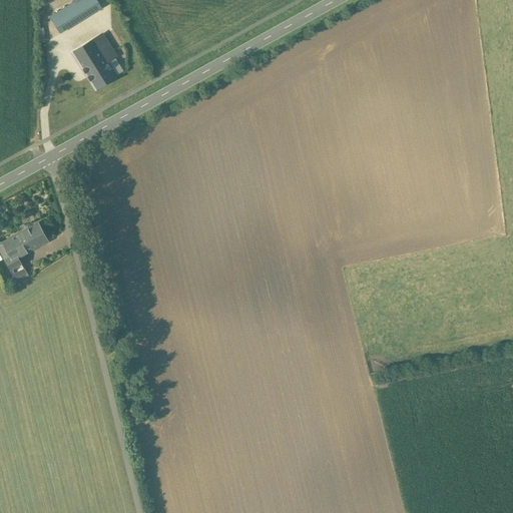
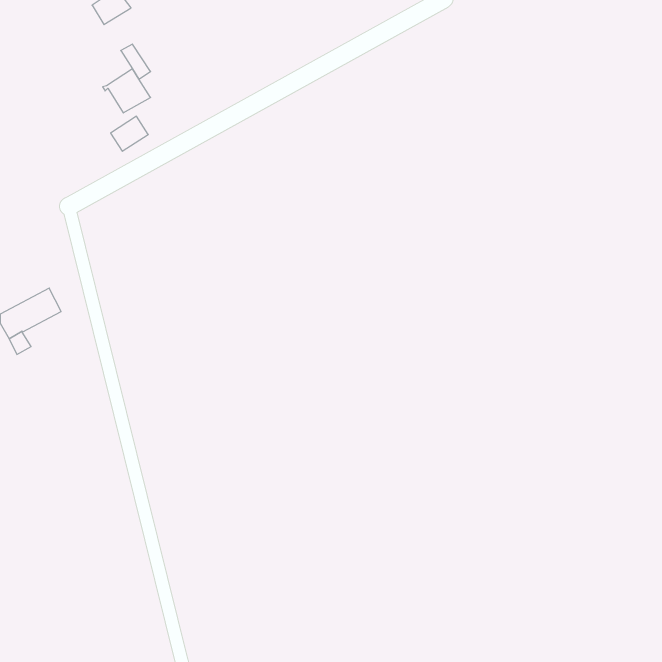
building: [51,4,81,31] -> none
building: [74,39,103,66] -> [111,116,148,151]

